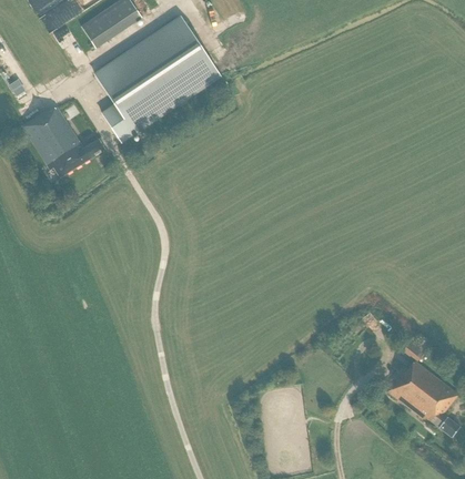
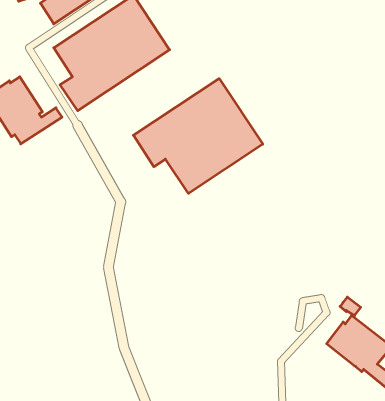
building: none -> [133,79,263,193]

